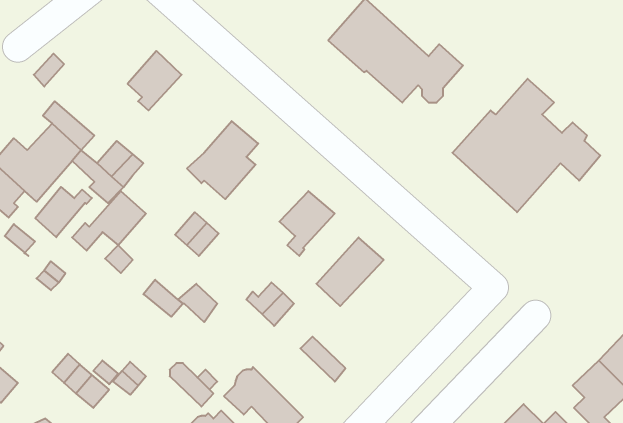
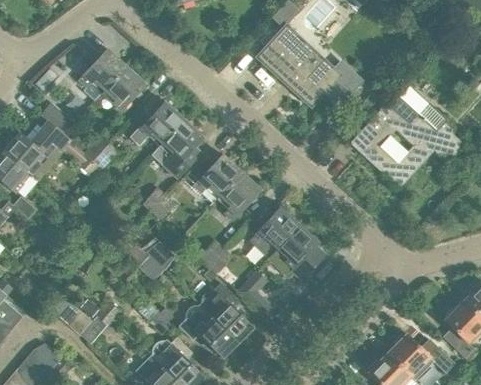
building: none -> [77,49,127,102]
building: none -> [193,154,242,195]
building: [35,187,92,237] -> none
building: [72,191,146,251] -> [128,102,184,147]
building: none -> [266,224,324,279]
building: none -> [200,283,254,343]

